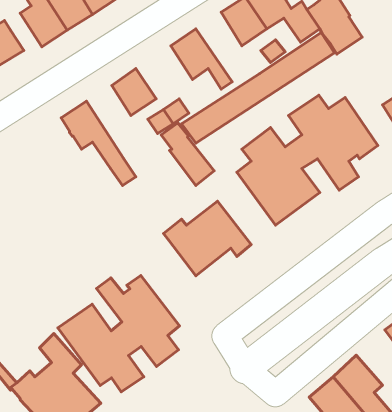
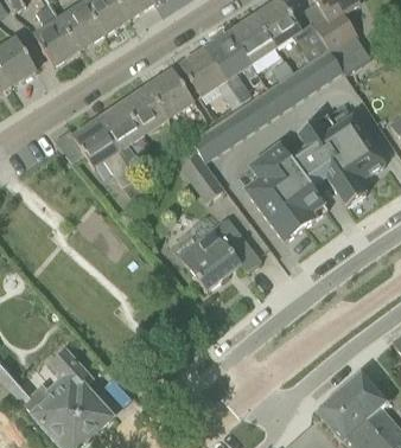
building: none -> [206,31,252,100]
building: none -> [147,70,192,116]
building: none -> [98,103,154,175]
building: [58,276,180,392] -> none

